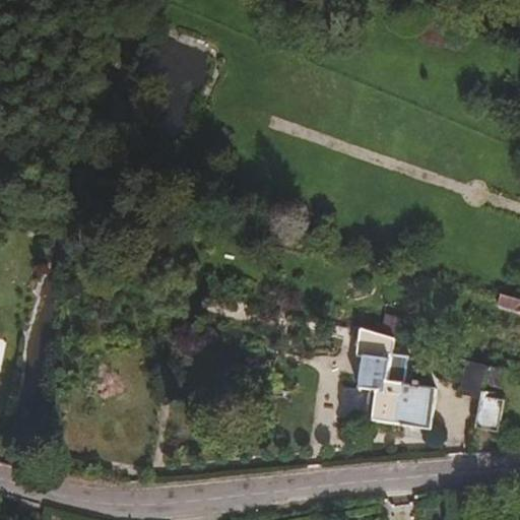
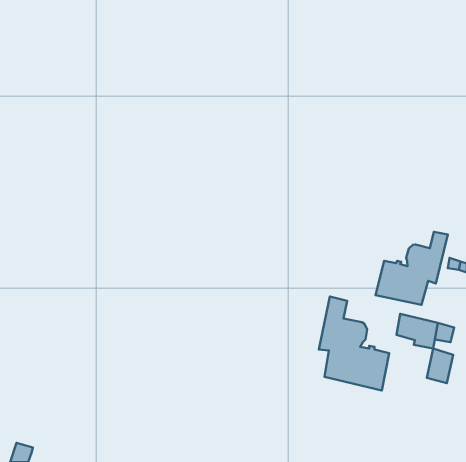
building: none -> [375,232,448,305]

